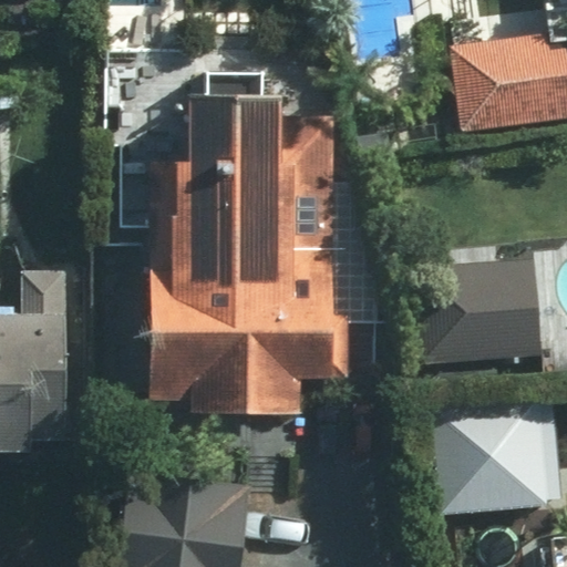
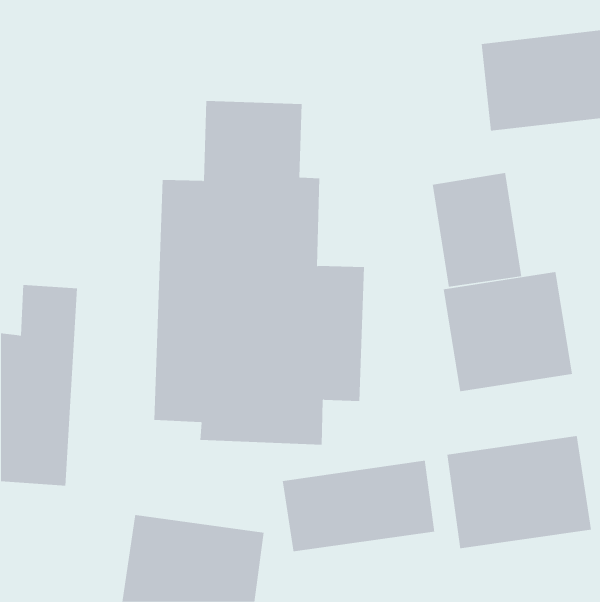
building: none -> [432,172,522,288]
building: none -> [282,460,435,552]

